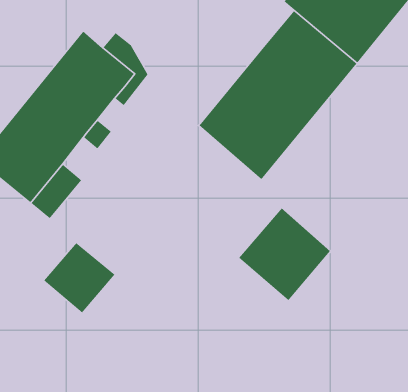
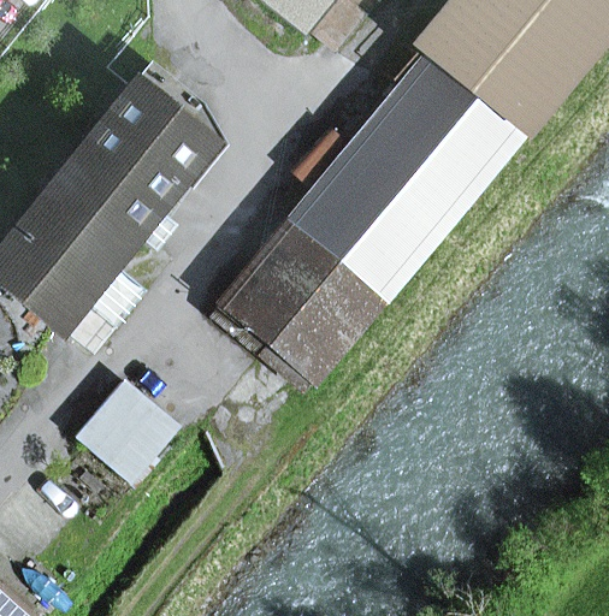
building: none -> [227,217,385,389]
building: [238,207,331,301] -> none

